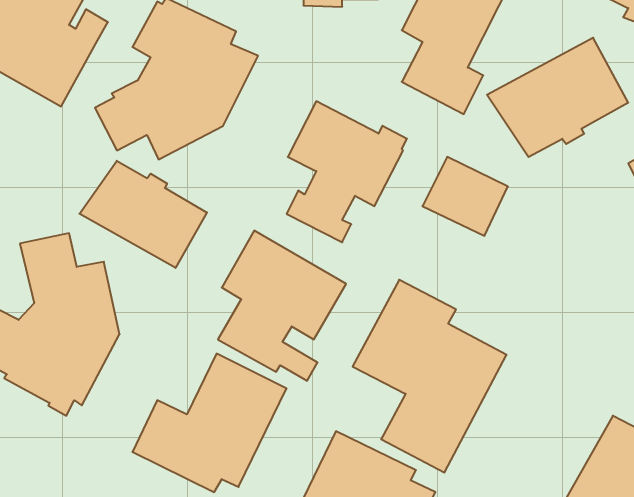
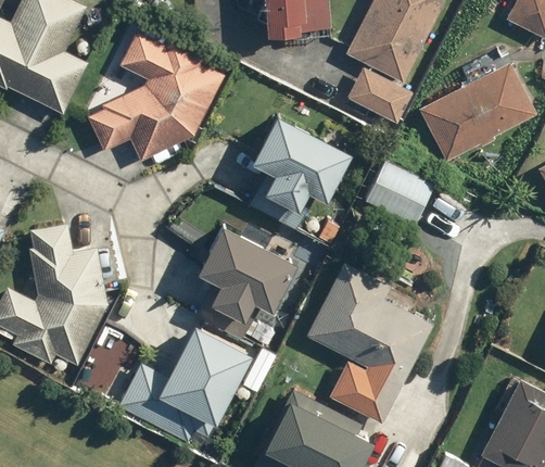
building: [79,161,207,268] -> none

